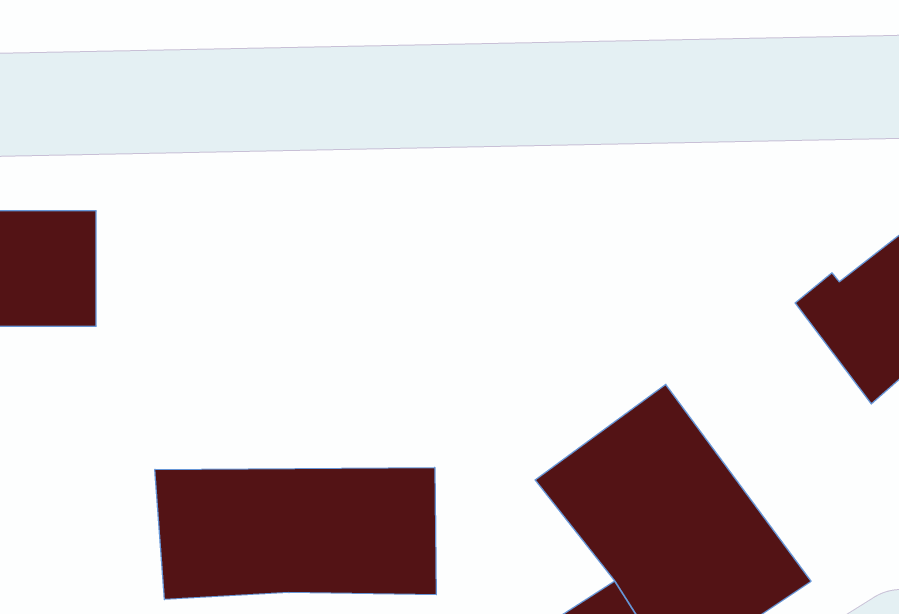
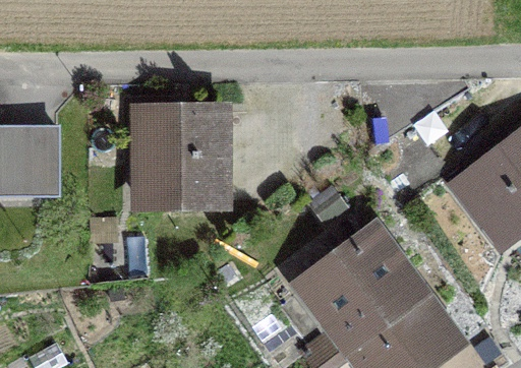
building: none -> [137,112,222,202]
building: [155,467,436,600] -> none

